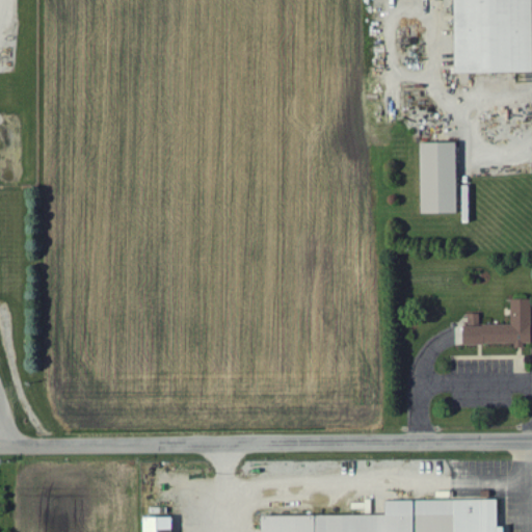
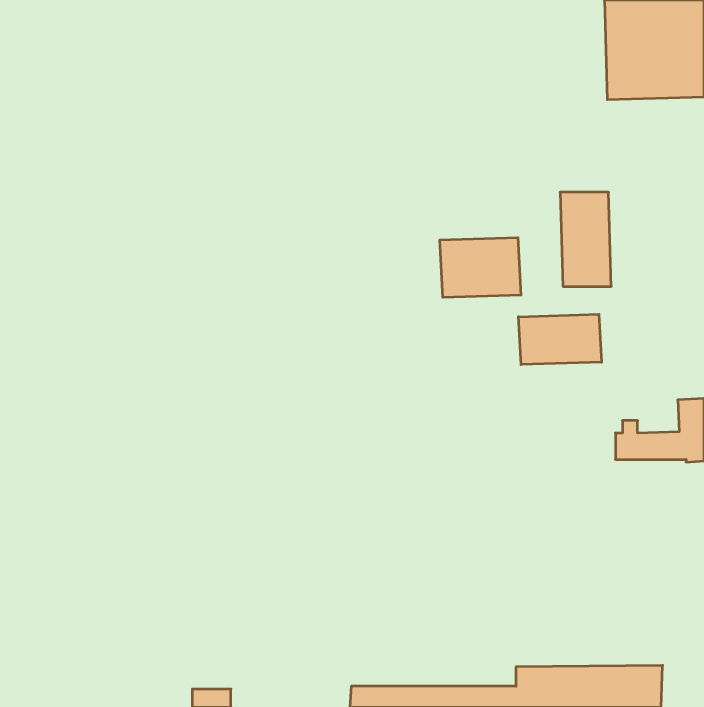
building: none -> [440,238,521,297]
building: none -> [518,314,602,365]

